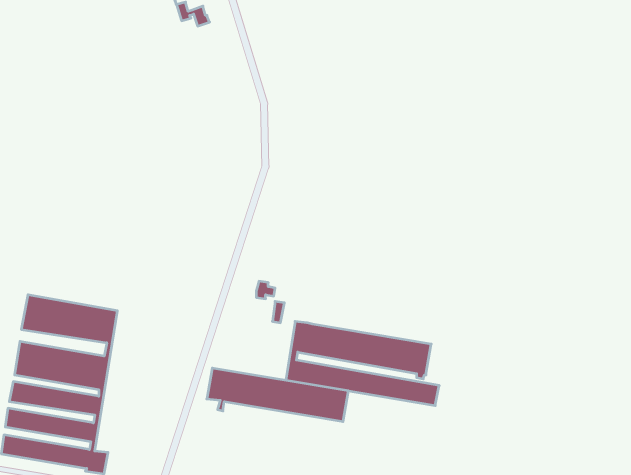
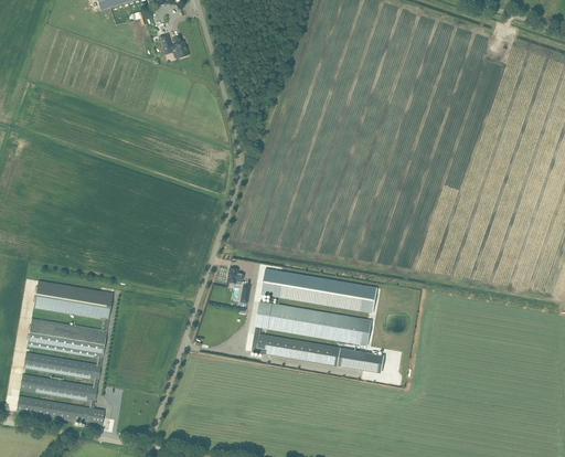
building: [207,368,348,422] -> [260,268,377,312]

